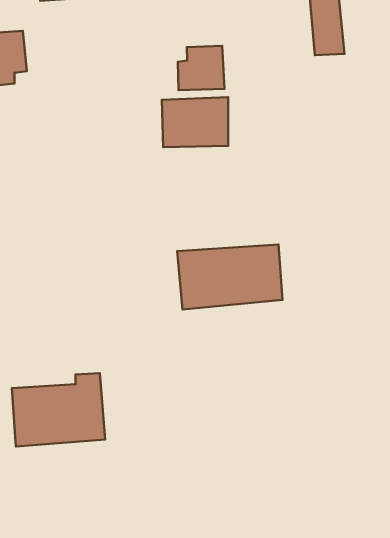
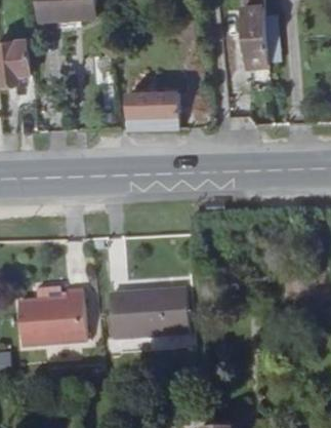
building: [178,46,224,90] -> none
building: [177,244,282,309] -> [108,295,188,344]

